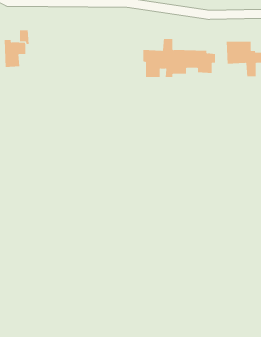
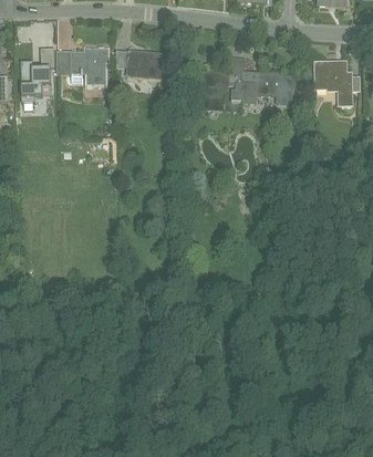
building: none -> [56,50,110,85]
building: none -> [115,51,163,80]

